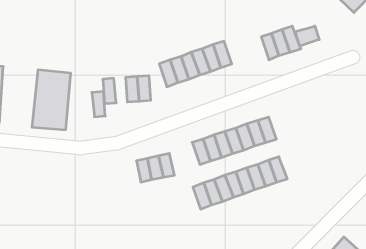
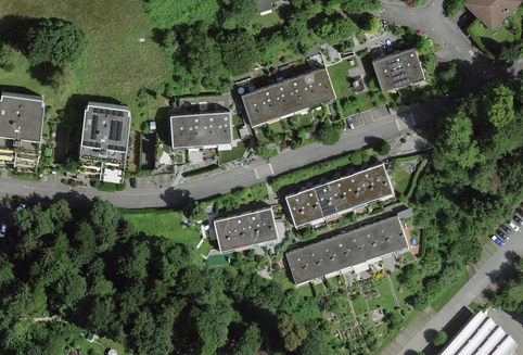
building: [295,26,319,46] -> none
building: [92,92,105,117] -> [183,112,201,144]
building: none -> [255,206,276,238]

